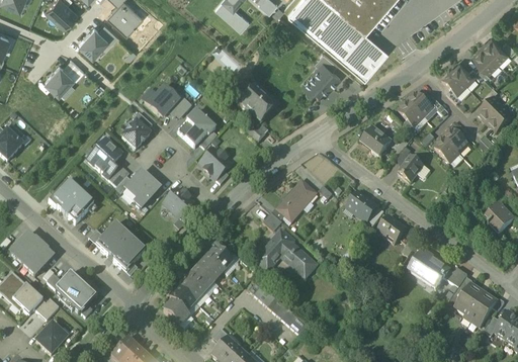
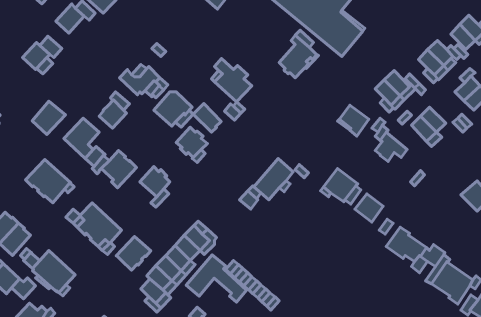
building: none -> [32,101,65,134]
building: none -> [193,104,221,132]
building: [255,230,316,277] -> [186,255,247,302]
building: none -> [116,236,151,270]

